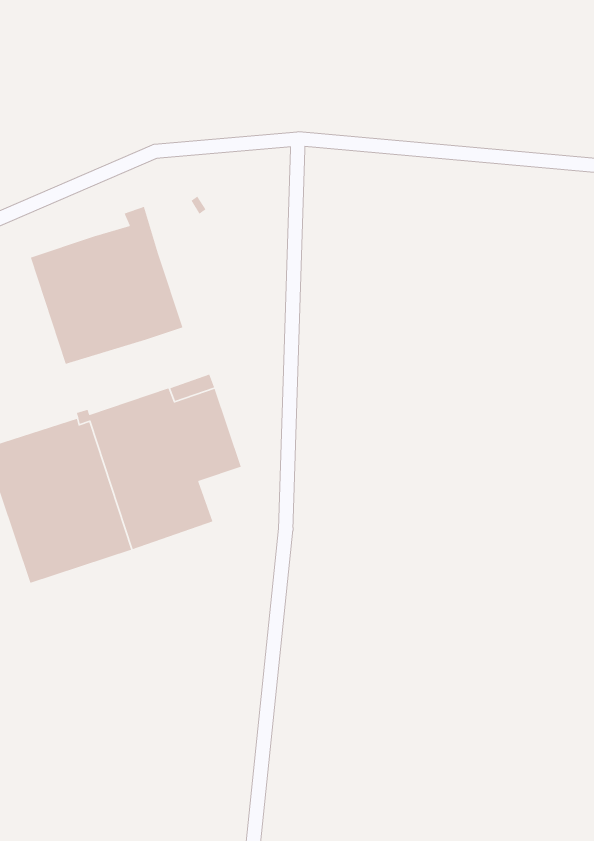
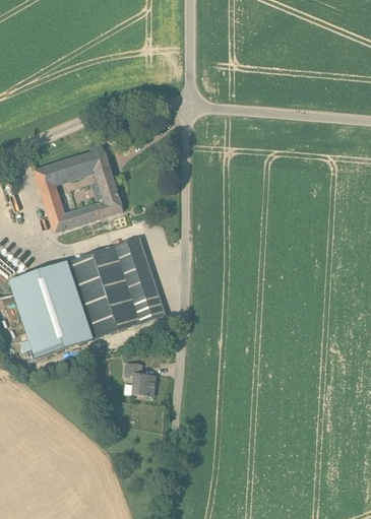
building: none -> [131,290,164,322]
building: none -> [123,362,153,395]

